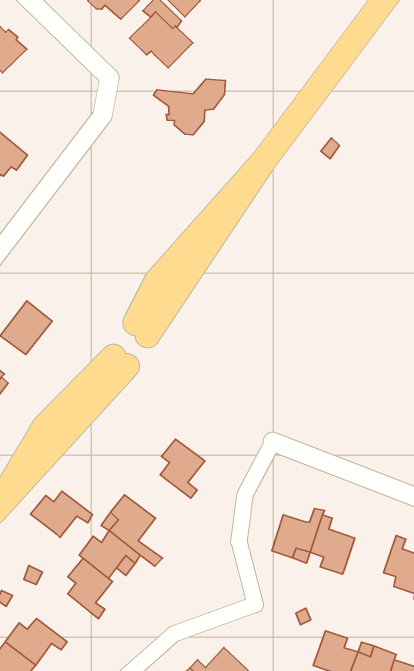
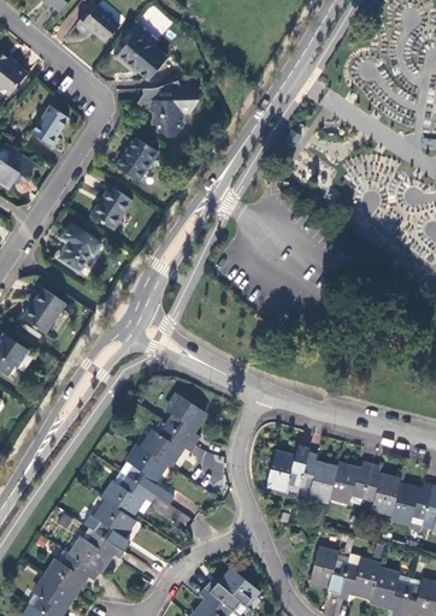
building: none -> [136,82,182,105]
building: none -> [33,106,67,147]
building: none -> [117,138,159,180]
building: none -> [90,186,134,230]
building: none -> [53,224,102,272]
building: [30,491,93,538] -> [142,427,195,467]
building: none -> [330,462,372,502]
building: none -> [71,534,124,575]

